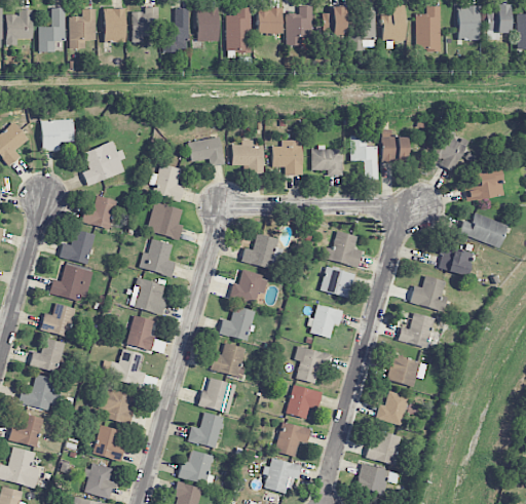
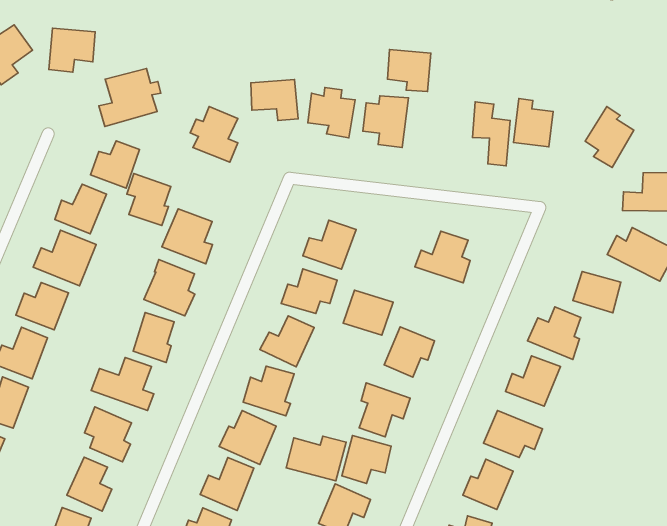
building: [311,147,342,176] -> [387,49,431,91]
building: [151,203,182,238] -> [127,173,171,226]
building: [321,267,354,297] -> [343,290,393,335]
building: none -> [286,436,346,481]

